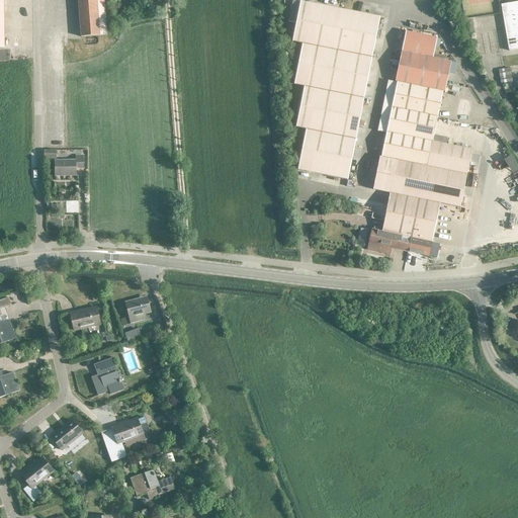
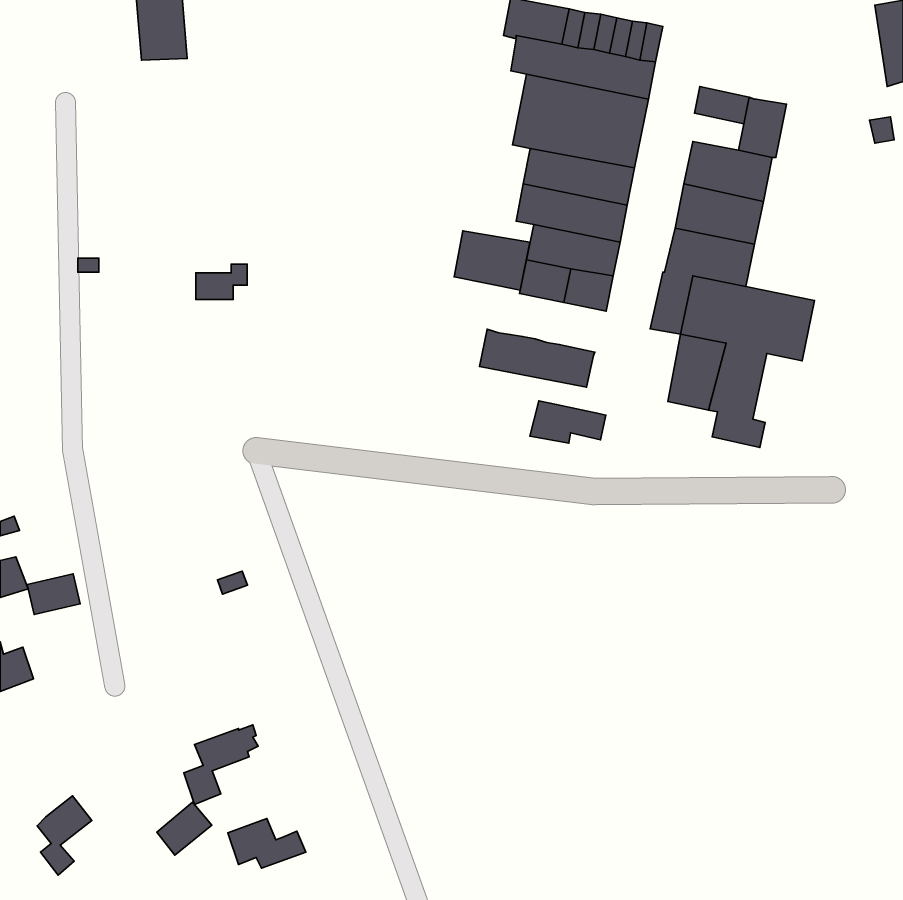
building: [401,29,436,57] -> none
building: [395,65,426,86] -> none
building: none -> [454,231,530,290]
building: [427,140,471,172] -> none
building: [56,153,85,173] -> [196,264,247,299]
building: none -> [479,329,595,387]
building: [367,228,411,252] -> [530,401,606,443]
building: [125,297,150,322] -> none
building: [70,306,100,329] -> [27,574,80,615]
building: [91,356,123,394] -> none
building: [51,418,82,448] -> [157,802,212,855]

